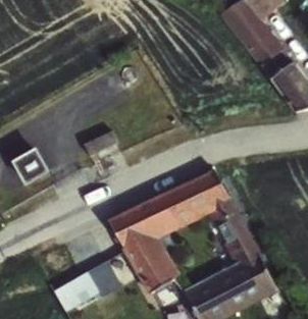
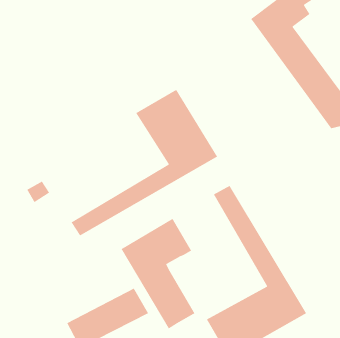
building: none -> [70,89,218,237]
building: [156,182,195,225] -> none

